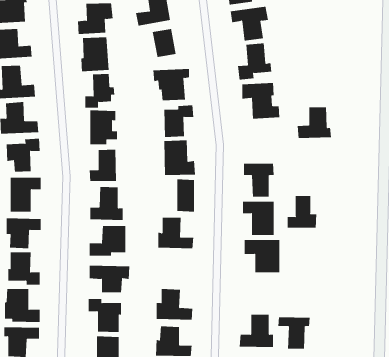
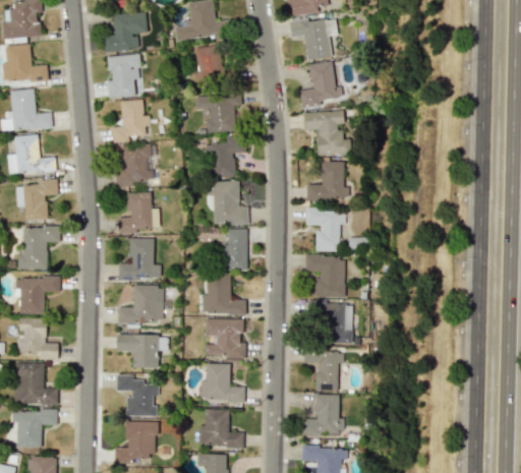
building: [297,107,332,138] -> [306,162,349,200]
building: [287,195,317,229] -> none
building: none -> [205,318,243,357]
building: [277,317,311,349] -> [303,351,344,391]

